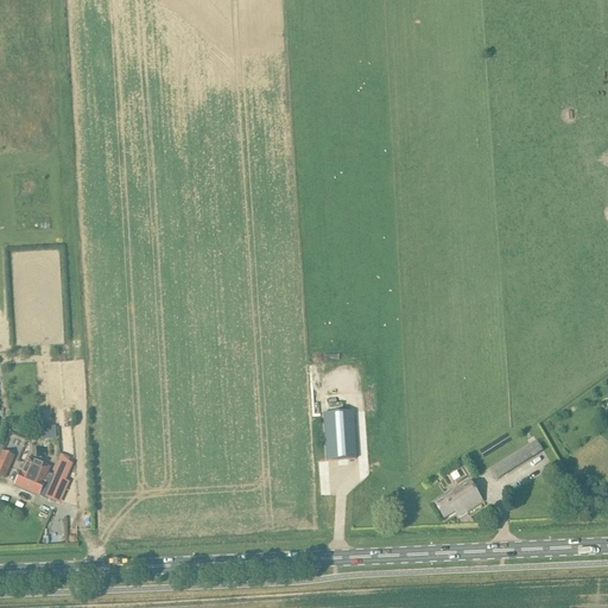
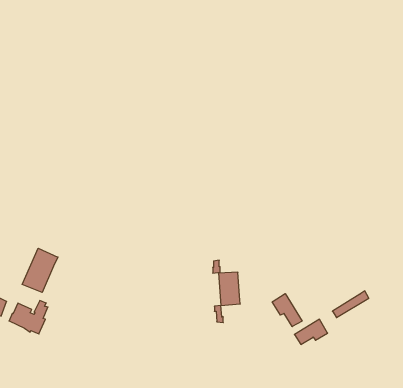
building: none -> [22,248,58,292]
building: none -> [272,294,302,327]

